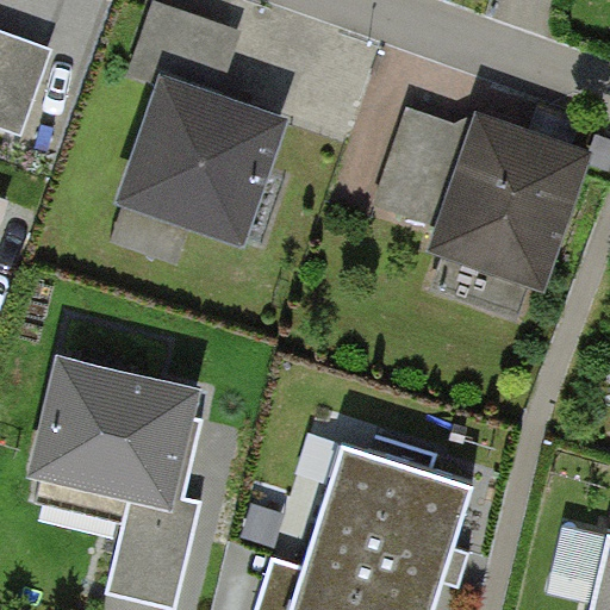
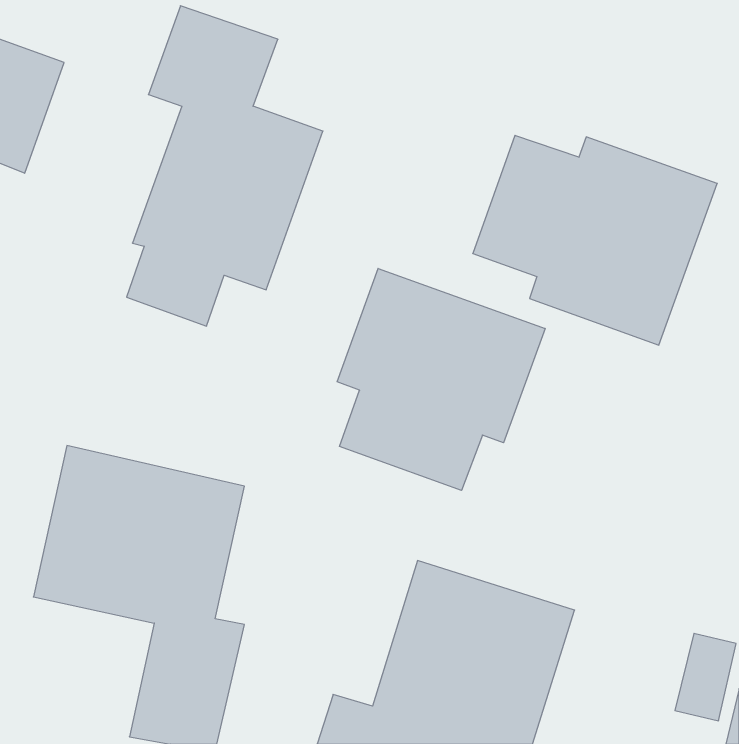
building: none -> [337,268,545,490]

